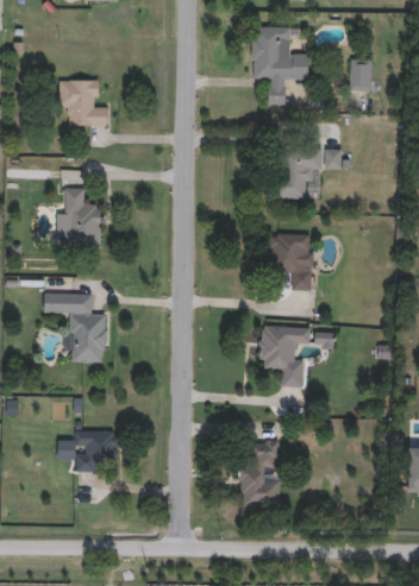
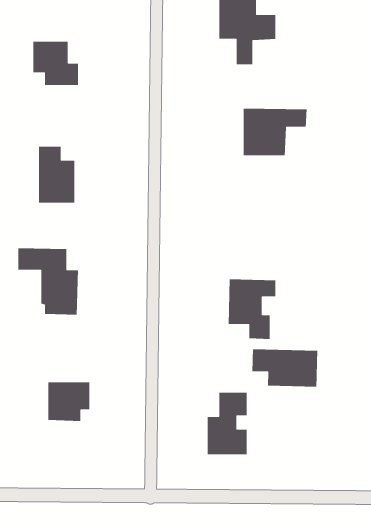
building: [349,59,371,90] -> none
building: [267,233,313,290] -> none
building: none -> [252,348,318,388]

